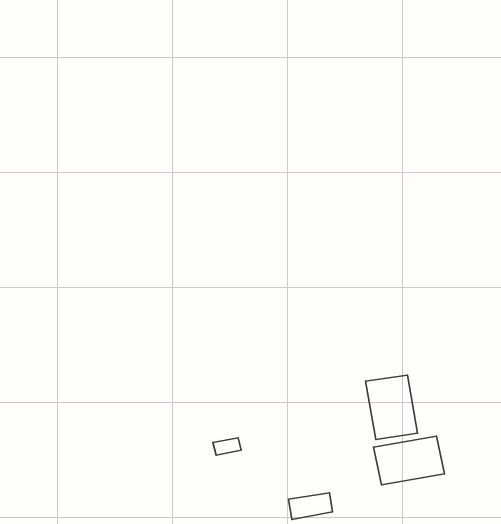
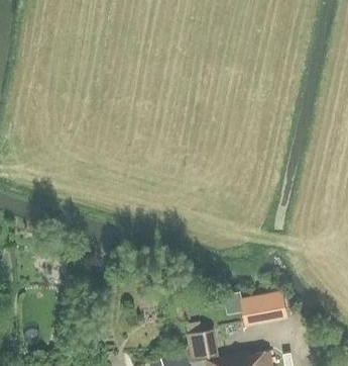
building: [366,375,418,439] -> none

